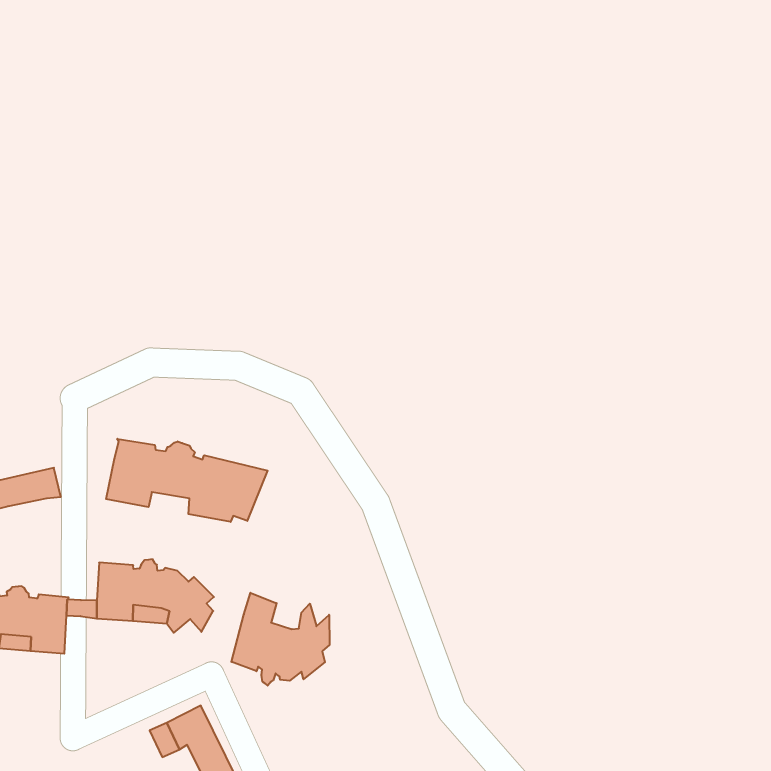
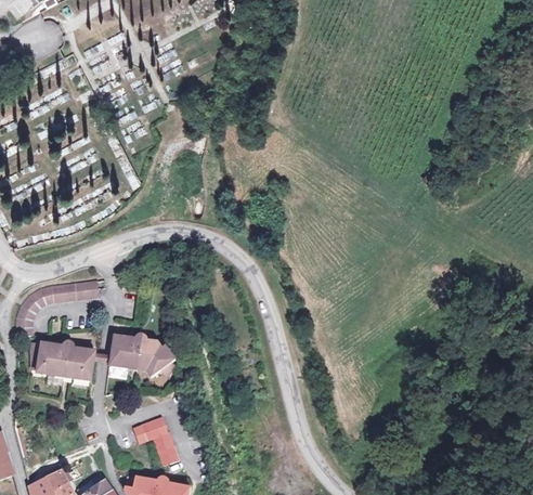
building: [106,439,268,522] -> none
building: [231,593,330,686] -> none

